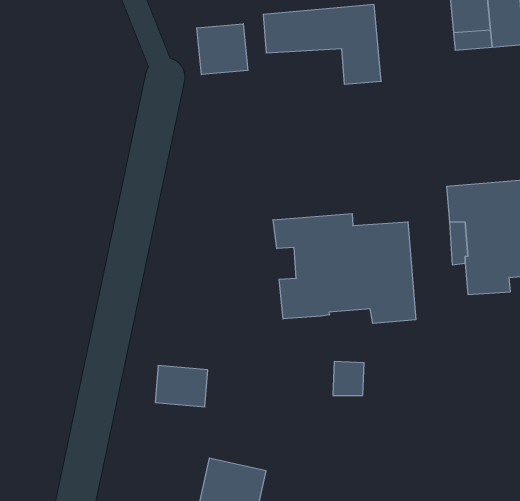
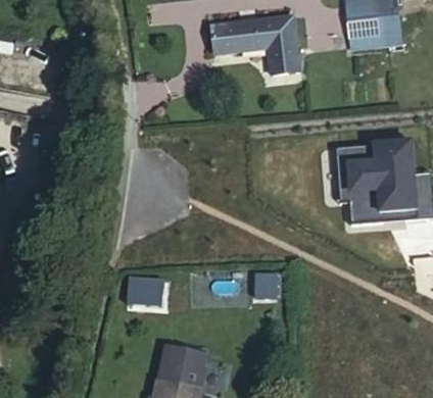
building: [197,24,248,75] -> none
building: [273,214,416,323] -> none

